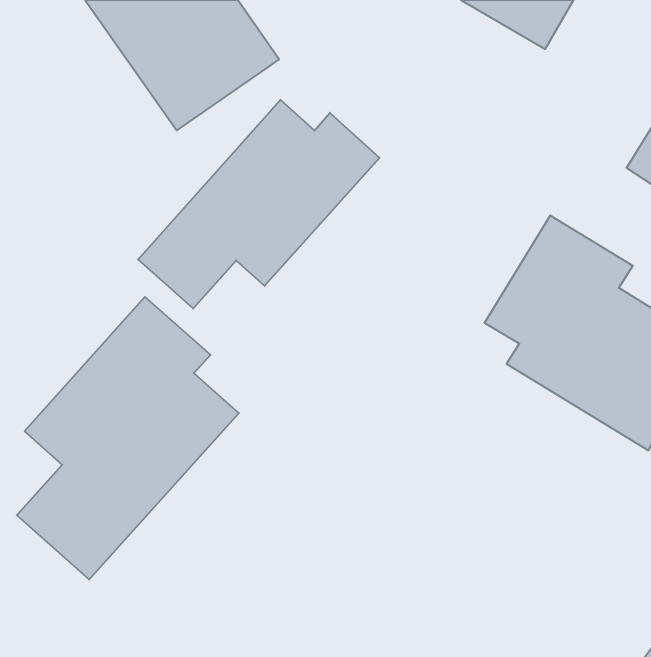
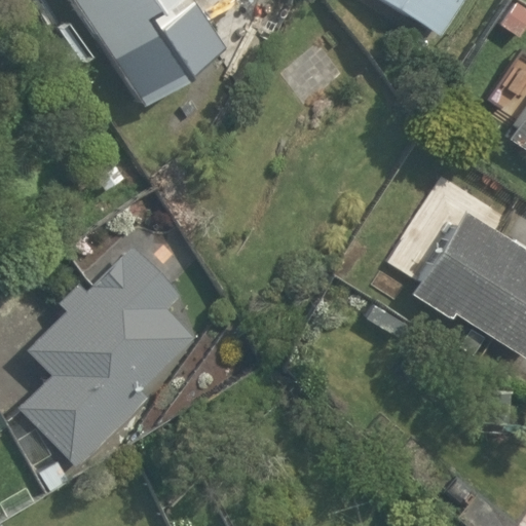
building: [138,100,379,309] -> none

